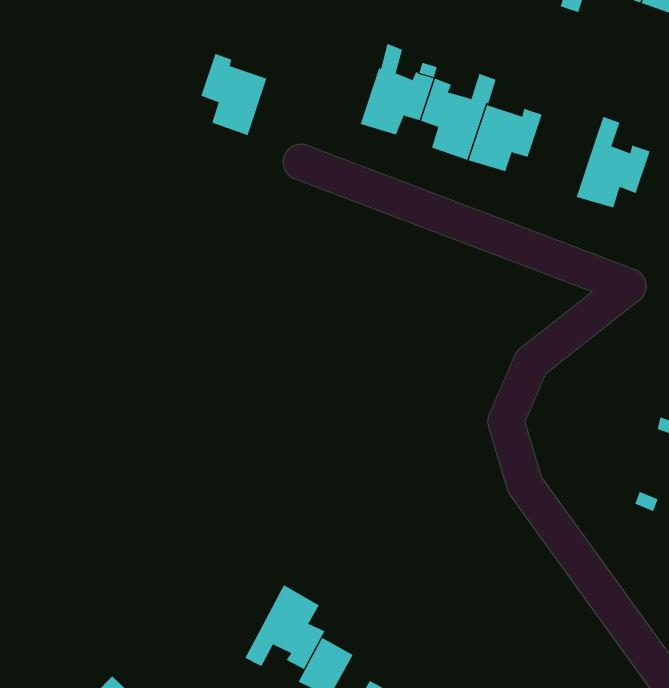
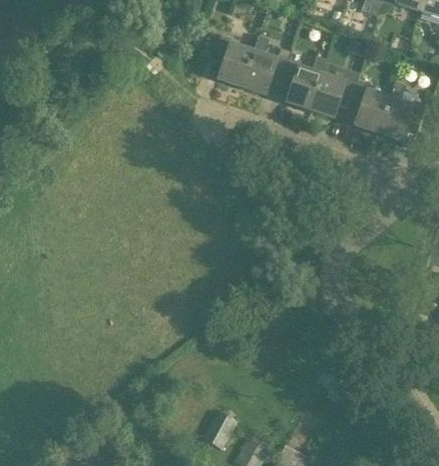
building: [200,53,267,136] -> [211,34,254,86]
building: none -> [348,80,390,132]
building: [244,584,325,670] -> none

